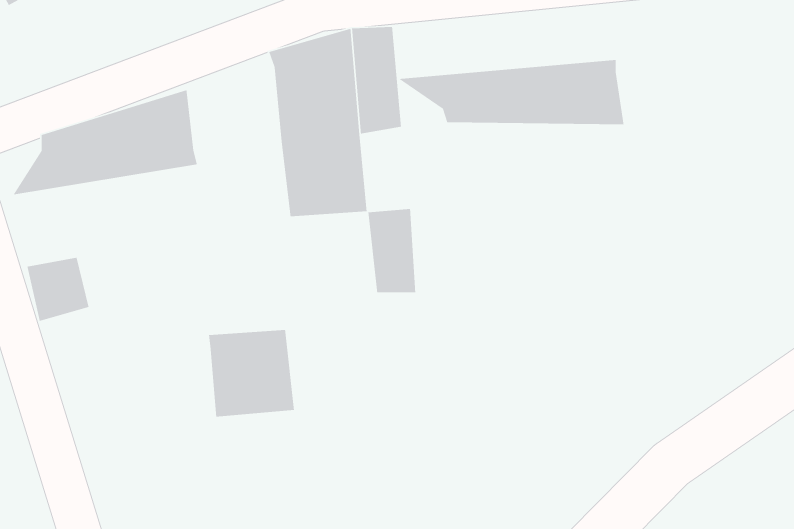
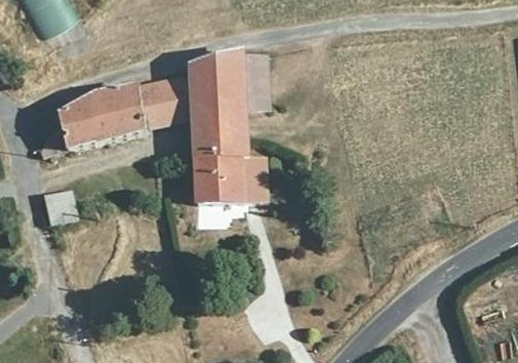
building: [397,59,624,125] -> none
building: none -> [133,75,187,122]
building: [208,329,295,418] -> [192,157,241,207]

